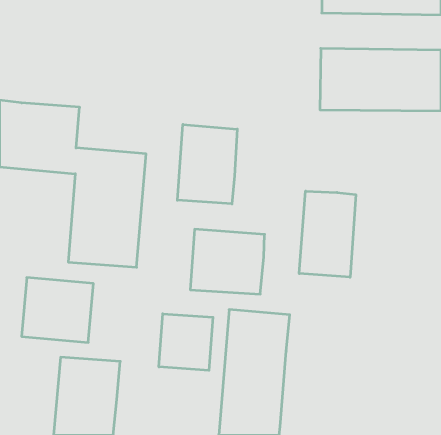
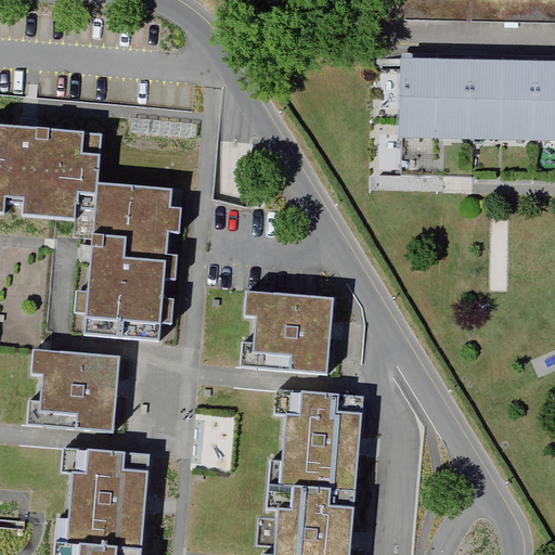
building: [177,124,237,204] -> none
building: [299,191,356,277] -> none
building: [159,314,213,370] -> none

